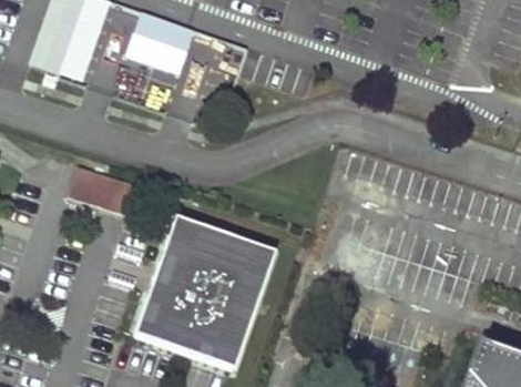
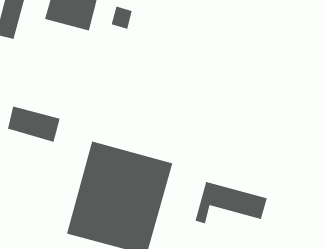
building: none -> [195,181,267,224]

